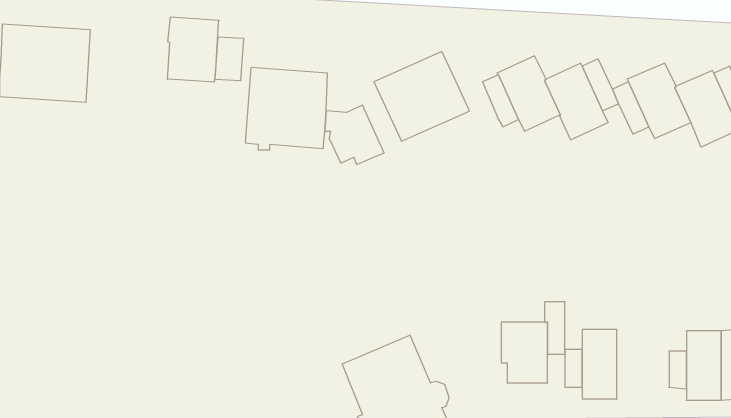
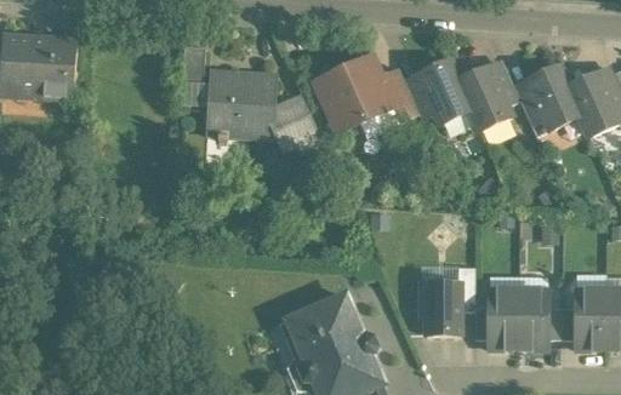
building: [167,17,219,82] -> none
building: none -> [380,67,418,121]
building: none -> [518,288,547,347]

